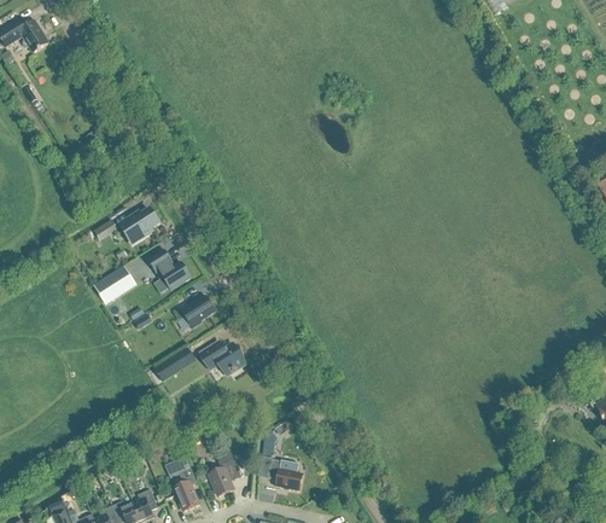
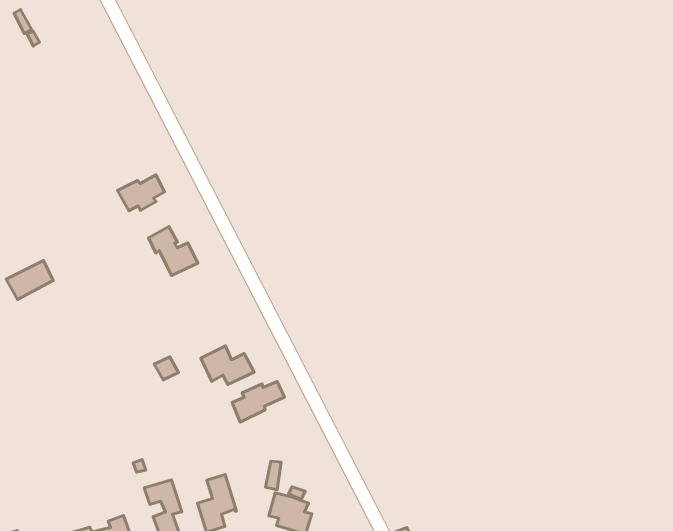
building: [94,267,133,301] -> [6,260,53,299]
building: [180,295,216,327] -> none
building: none -> [232,381,285,422]

